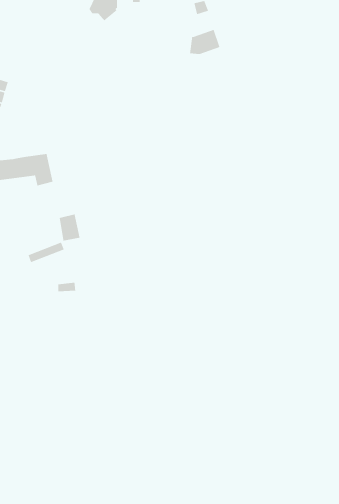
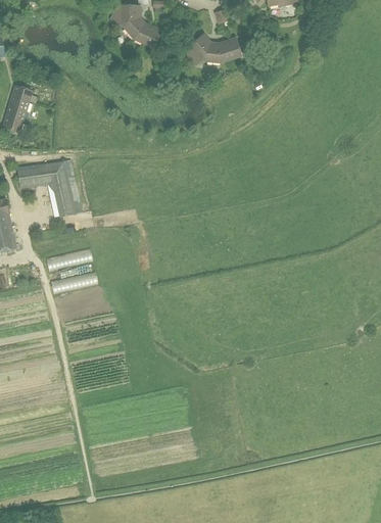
building: none -> [126,18,159,46]
building: none -> [185,33,211,63]
building: [59,213,81,241] -> [59,188,81,216]

